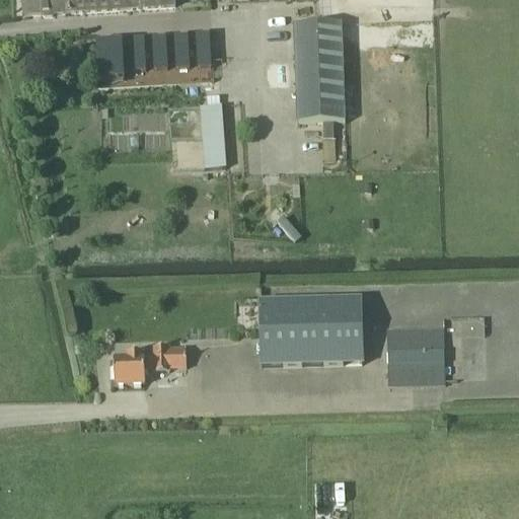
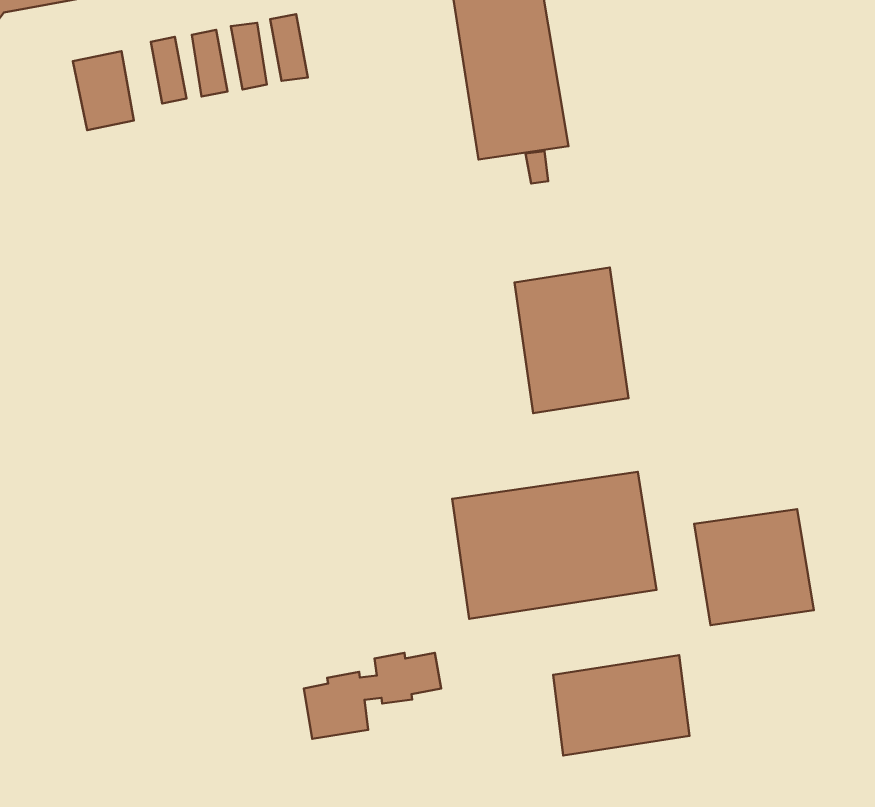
building: [200,102,226,165] -> none
building: none -> [515,268,628,413]
building: [114,343,187,382] -> [304,653,441,739]
building: none -> [553,655,689,756]

